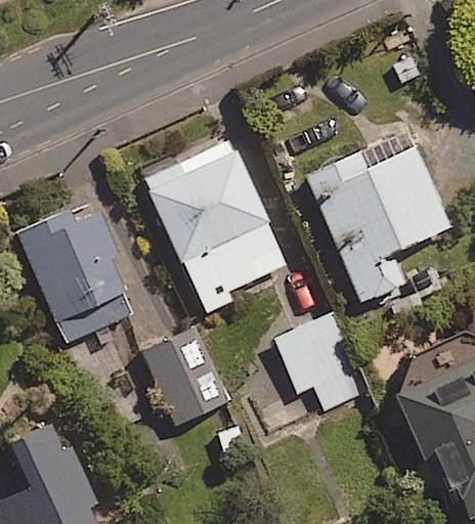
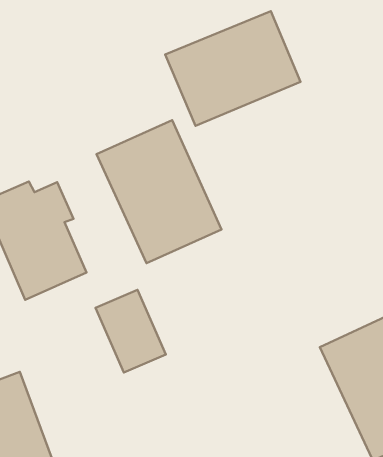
building: none -> [165,11,300,126]
building: [309,149,450,302] -> none
building: [274,310,362,406] -> none

